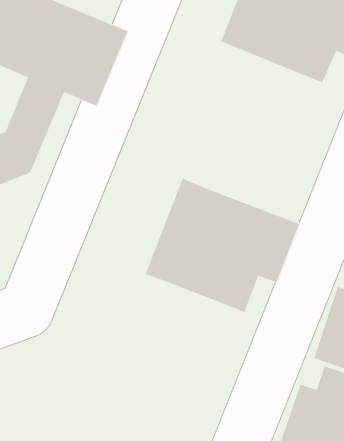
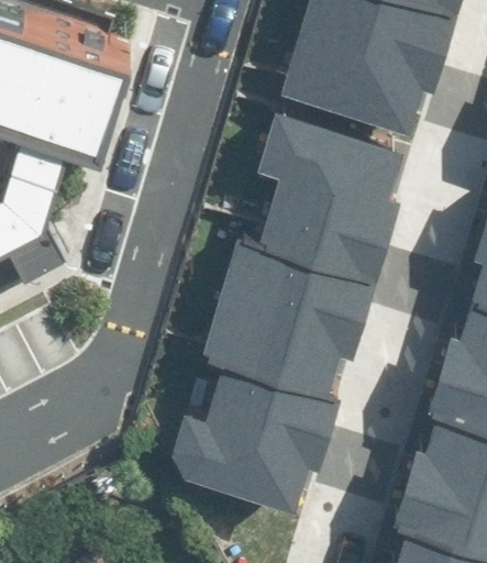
building: none -> [270,118,421,269]
building: none -> [185,354,355,499]

